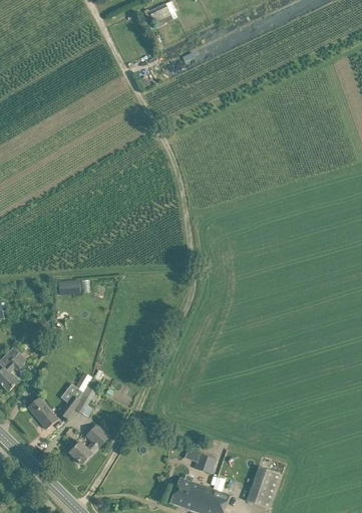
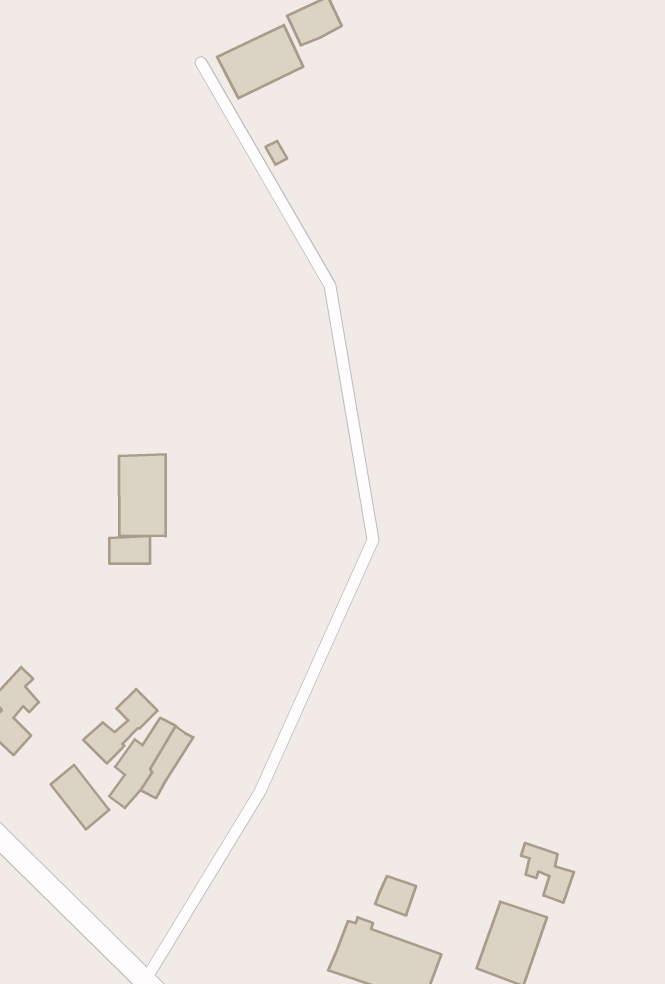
building: none -> [217,25,303,98]
building: none -> [119,454,166,536]
building: [69,426,107,464] -> [83,689,158,763]
building: none -> [521,843,574,903]

